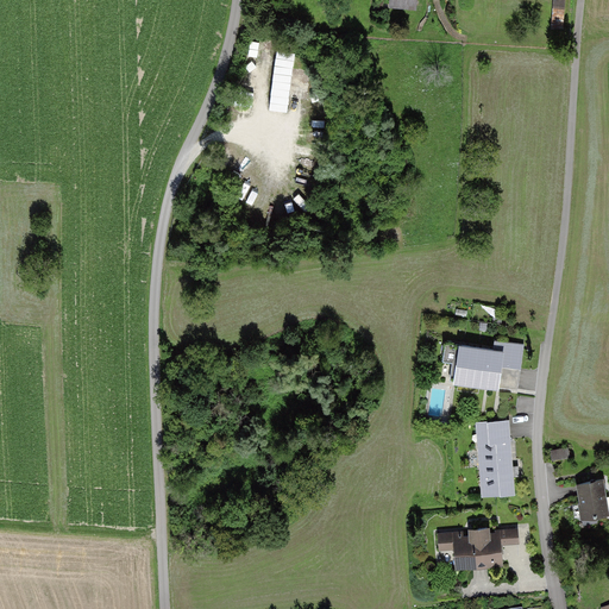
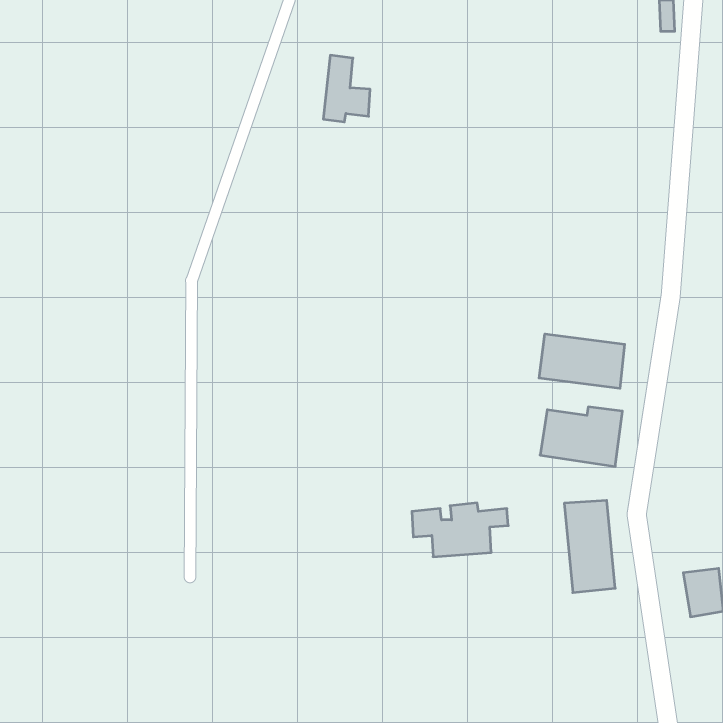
building: none -> [539,334,625,388]
building: [437,525,517,570] -> [412,503,508,557]

